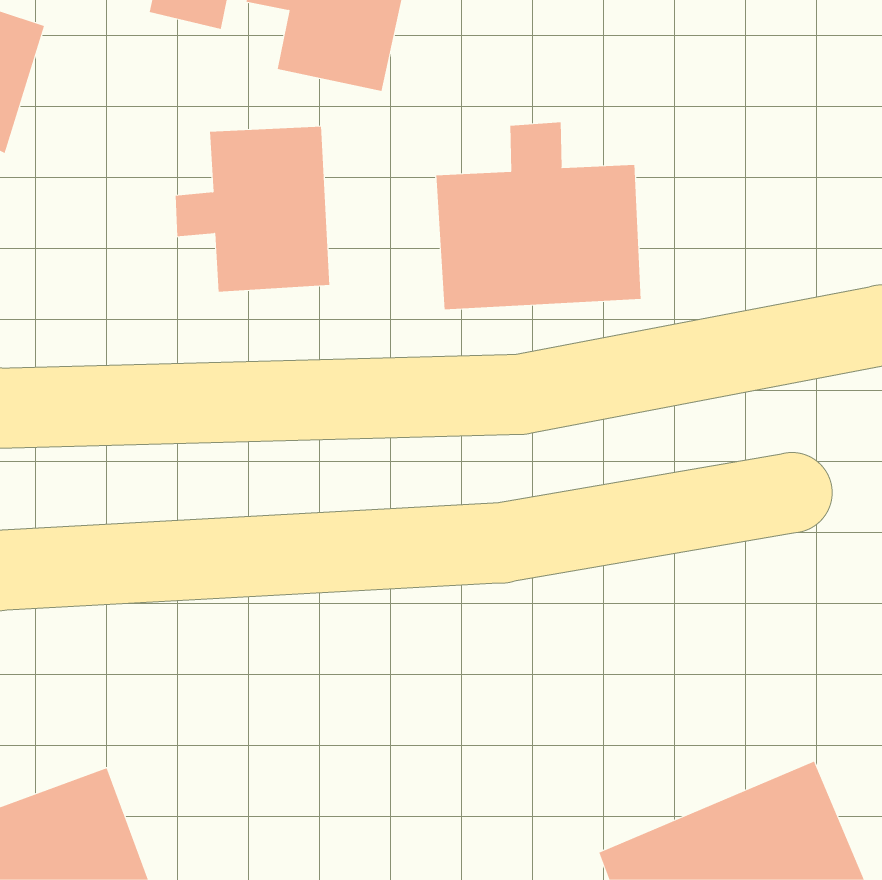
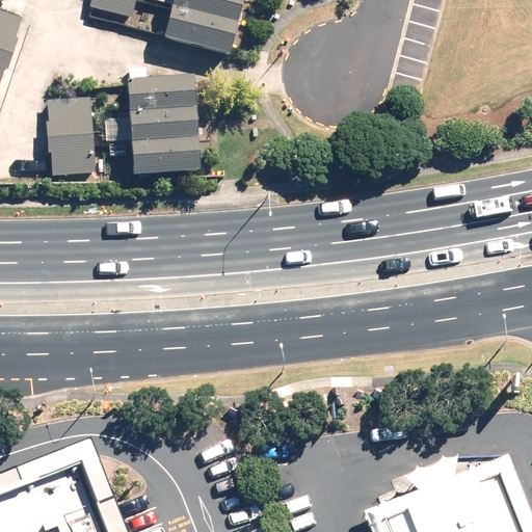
building: [436,122,641,310] -> none
building: none -> [48,98,95,179]

